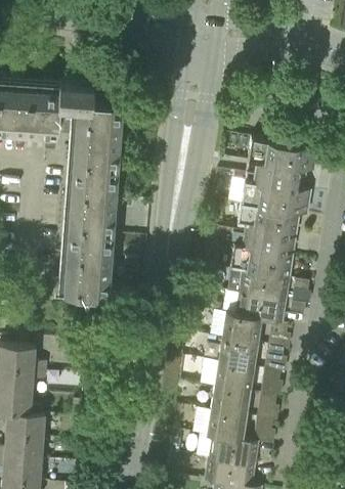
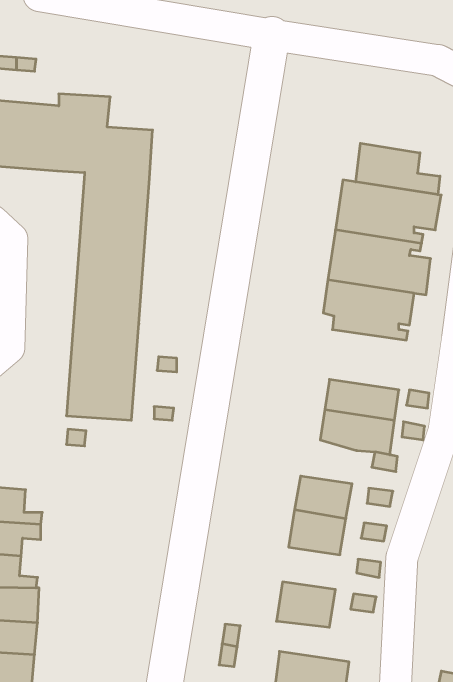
building: none -> [356,143,440,195]
building: [231,241,294,282] -> none
building: [222,314,260,346] -> none
building: [210,389,249,417] -> none
building: [207,439,258,466] -> none

